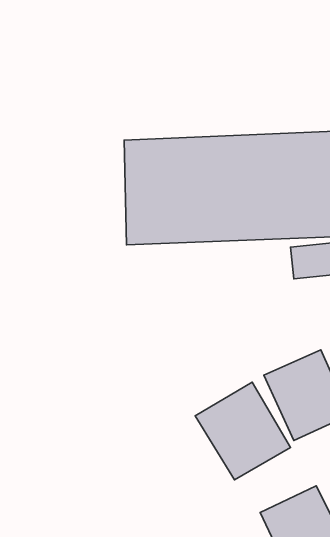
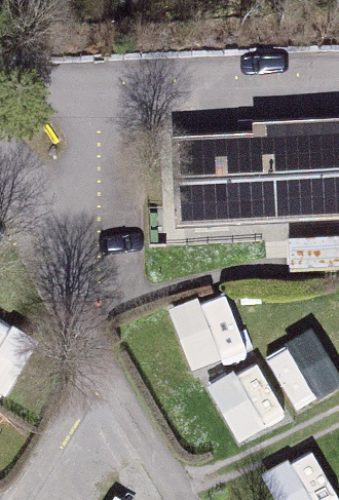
building: none -> [168,286,251,374]

